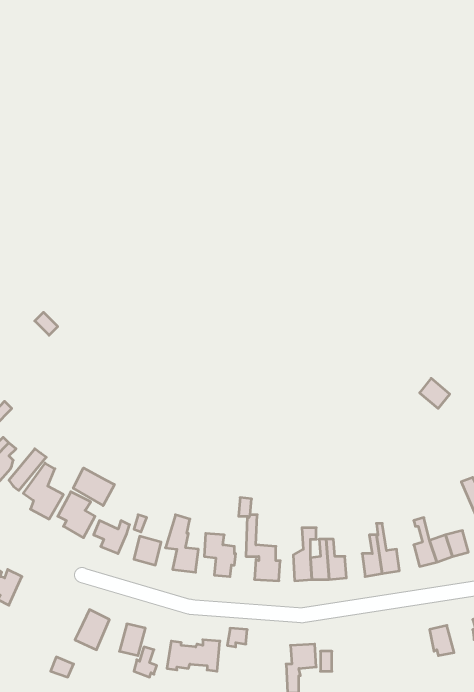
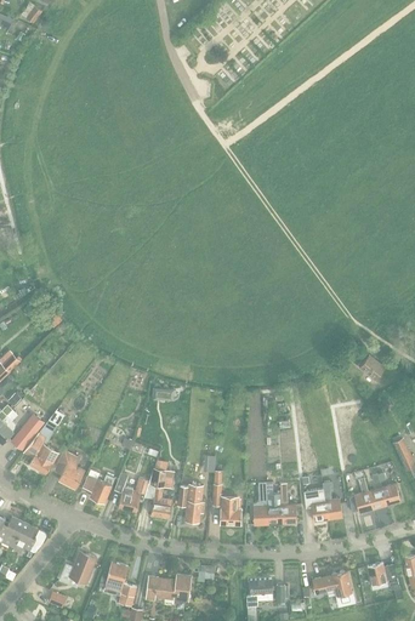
building: [73,468,114,506] -> none
building: none -> [12,522,47,552]
building: none -> [312,570,352,604]

